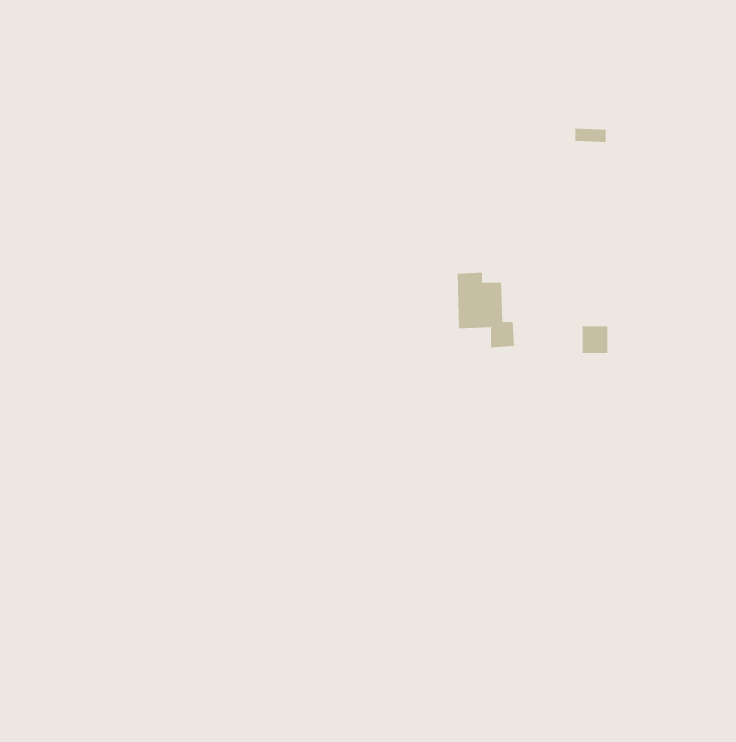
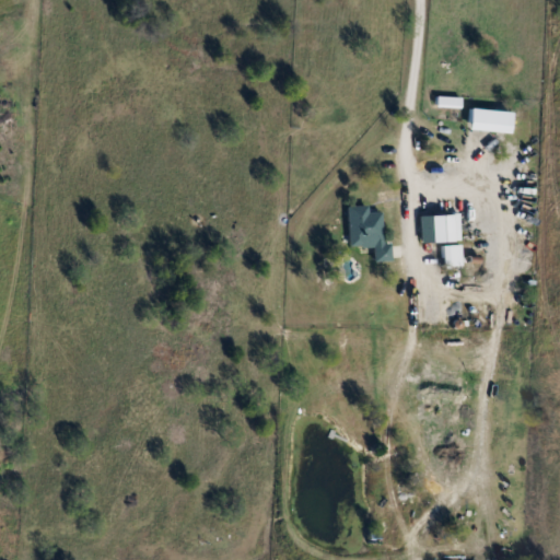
building: none -> [469,107,513,127]
building: none -> [430,215,453,241]

